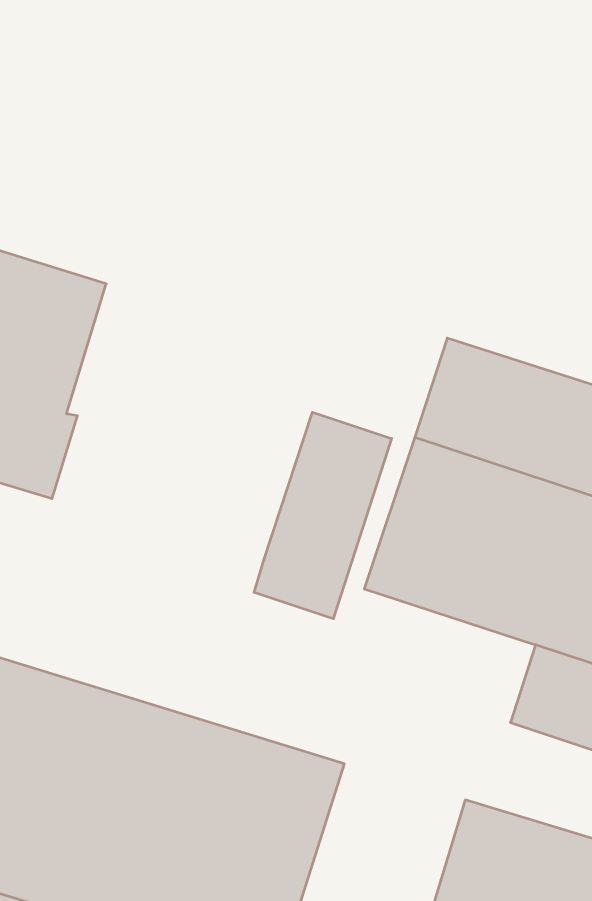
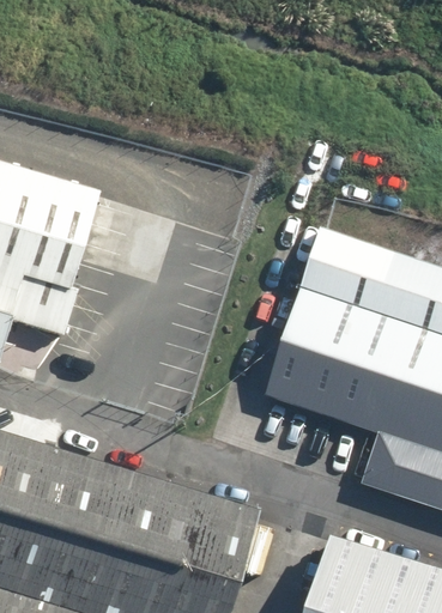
building: [254,412,392,619] -> none

